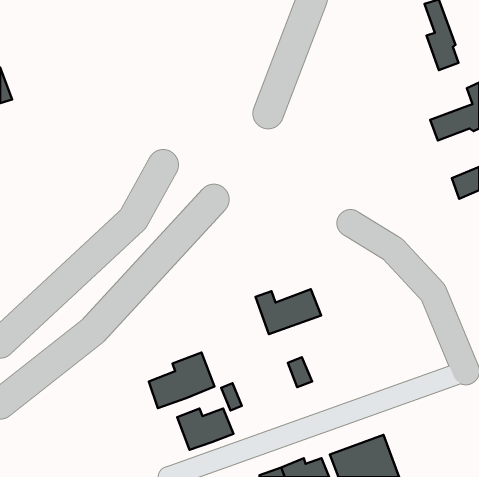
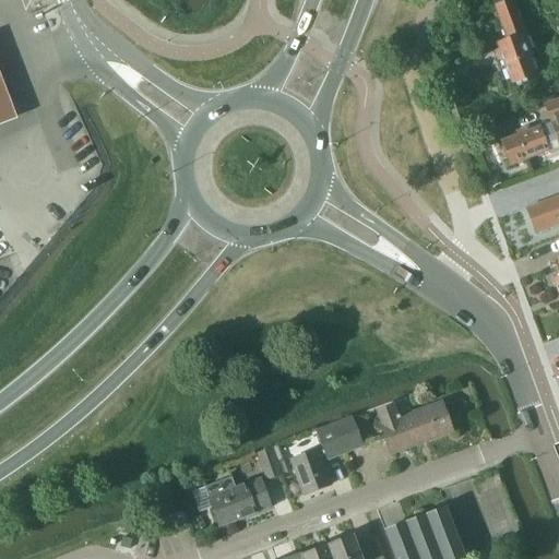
building: [256,289,321,334] -> [377,400,453,452]
building: [149,353,214,408] -> none
building: none -> [318,423,346,459]
building: none -> [292,448,332,492]

